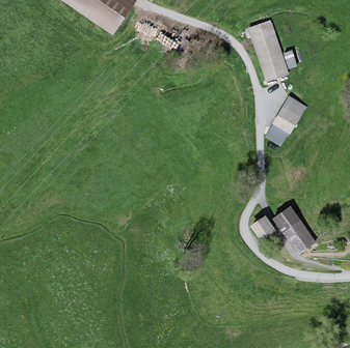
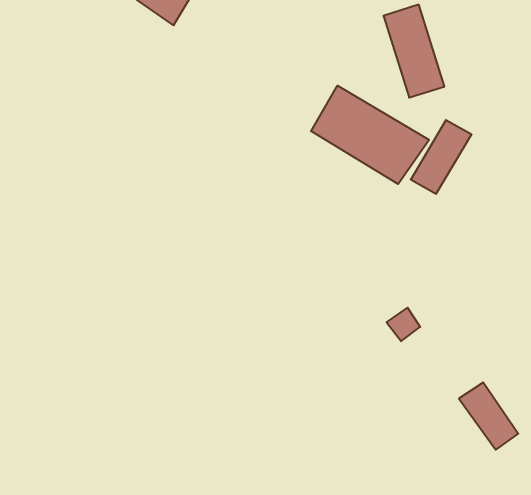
building: none -> [311,86,429,184]
building: [275,208,314,252] -> [459,382,518,450]

